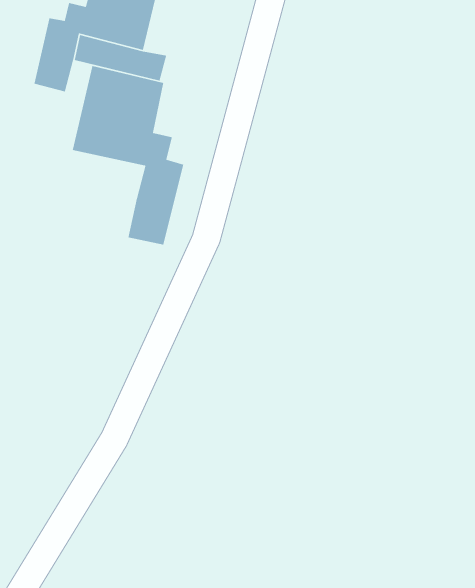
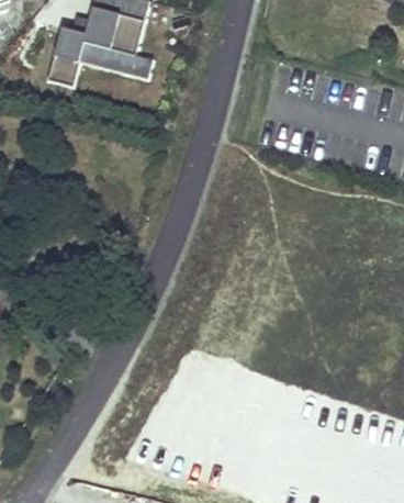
building: [72,65,184,246] -> none

